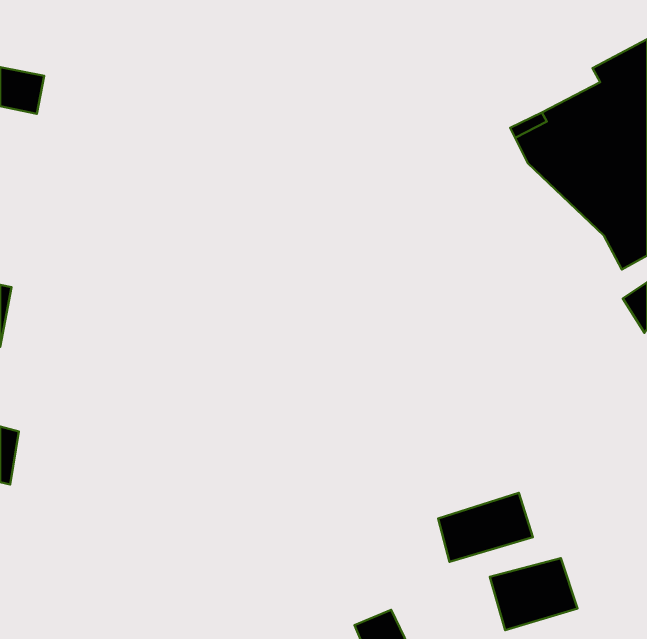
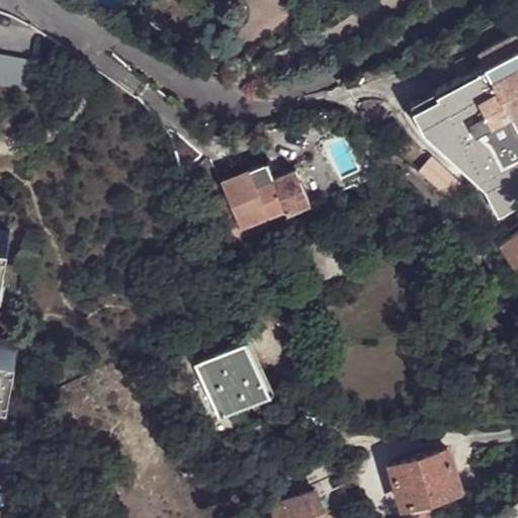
building: none -> [217,167,308,232]
building: none -> [201,344,269,420]
building: [438,493,533,562] -> none

